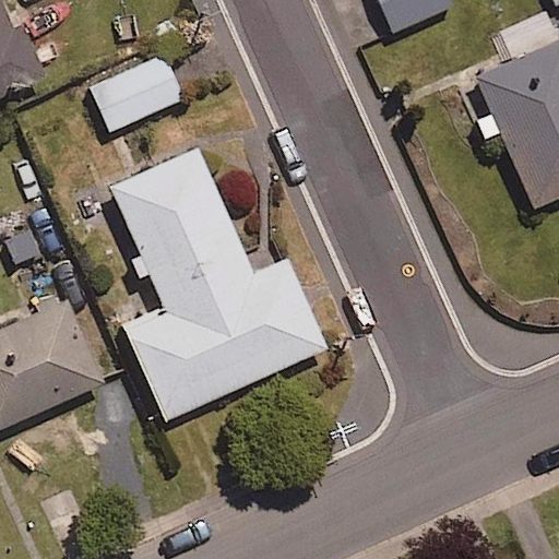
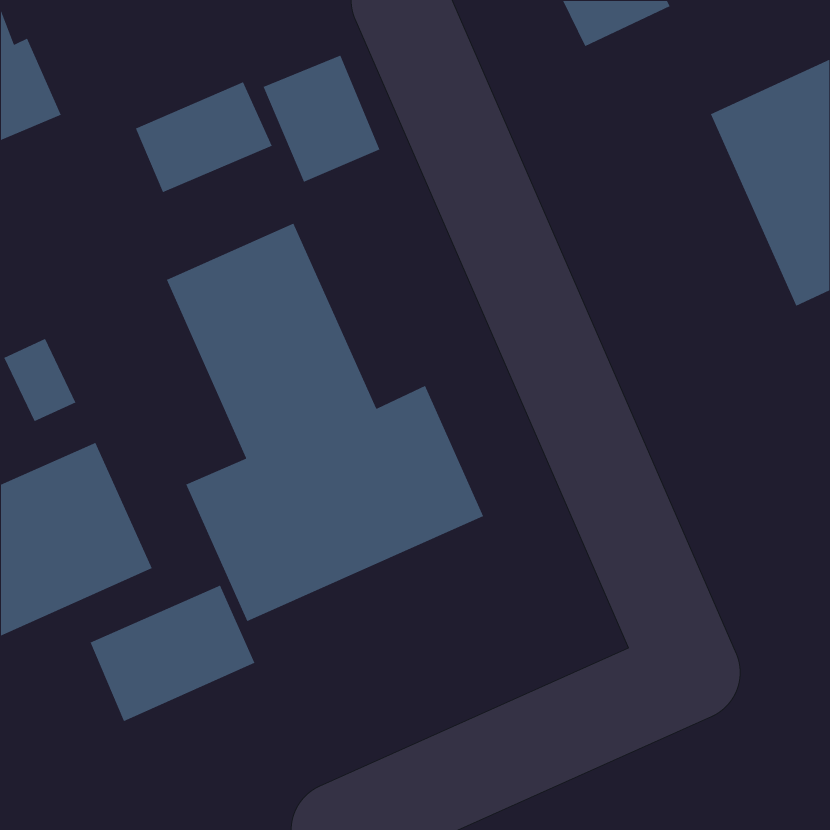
building: none -> [262,54,381,183]
building: none -> [90,585,256,722]

